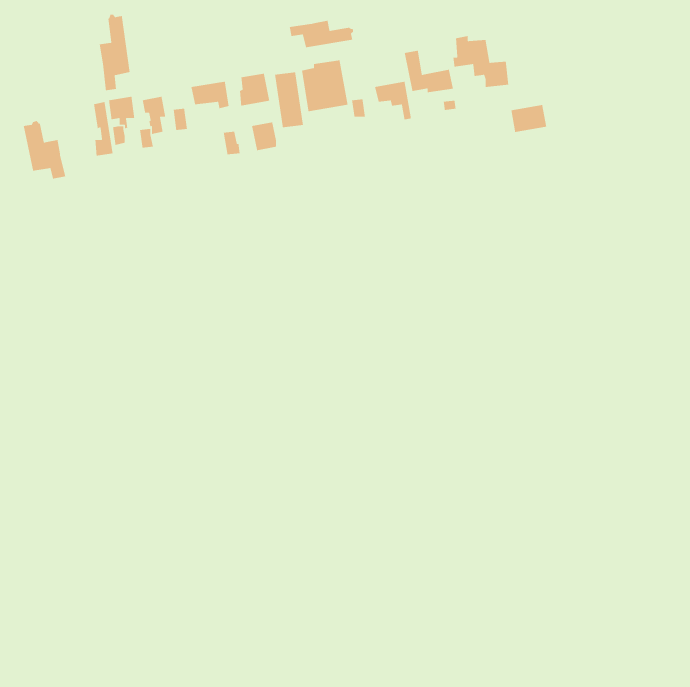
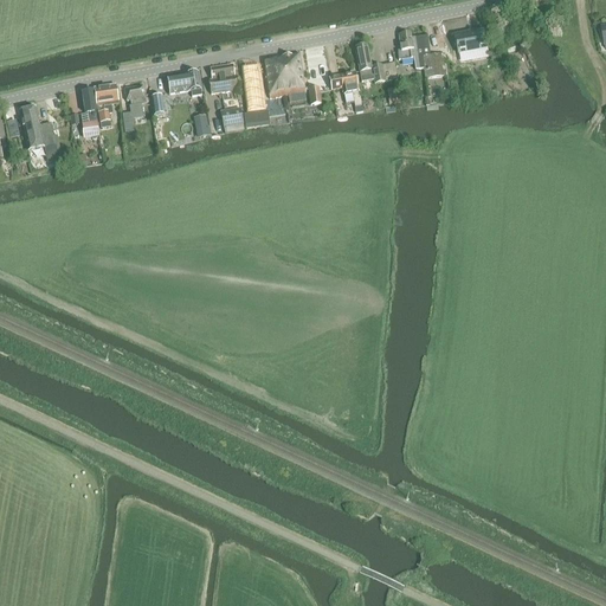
building: [99,14,130,91] -> none
building: [289,20,354,48] -> none
building: [511,104,547,133] -> [454,27,486,52]

